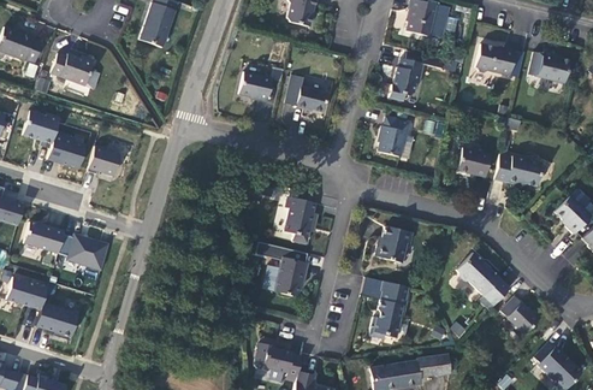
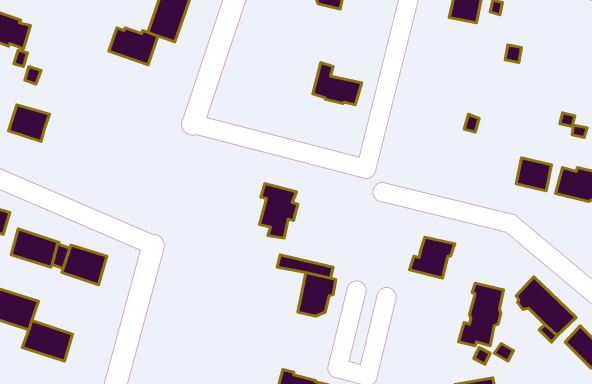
building: [48,51,91,83] -> [109,28,158,65]
building: [484,51,523,82] -> none
building: [392,59,427,101] -> none
building: [241,69,274,100] -> none
building: [383,117,414,156] -> none
building: [43,131,87,166] -> none
building: [85,144,118,175] -> none
building: [284,195,318,243] -> [260,184,298,238]
building: [369,279,409,335] -> [459,283,504,346]

